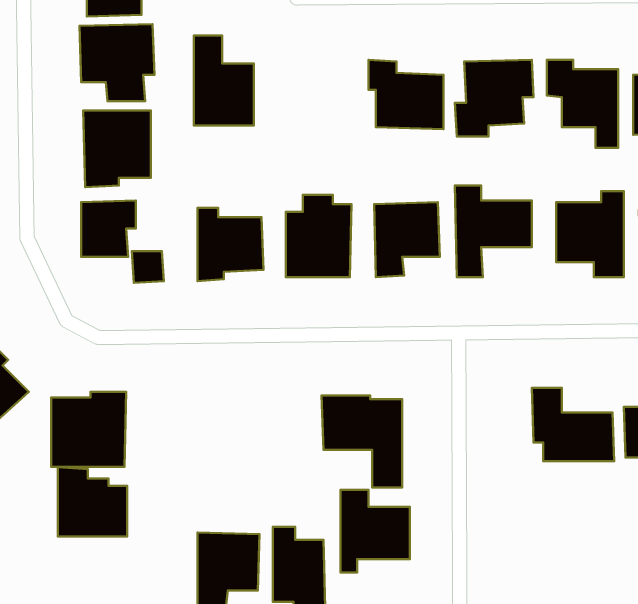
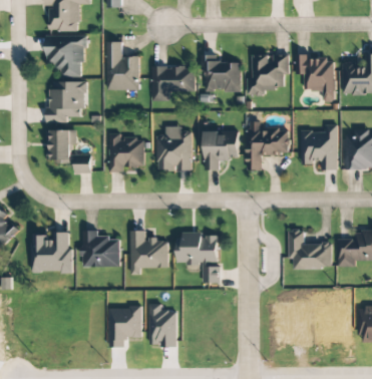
building: none -> [152,66,196,101]
building: [58,467,127,537] -> [83,230,120,267]
building: [340,490,410,572] -> [131,231,168,275]

